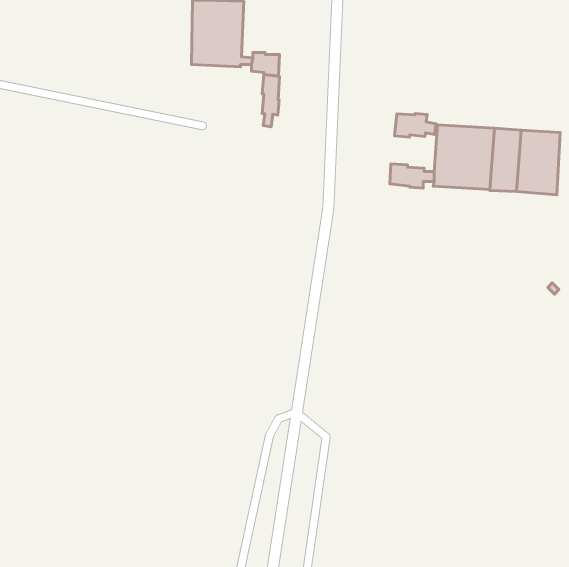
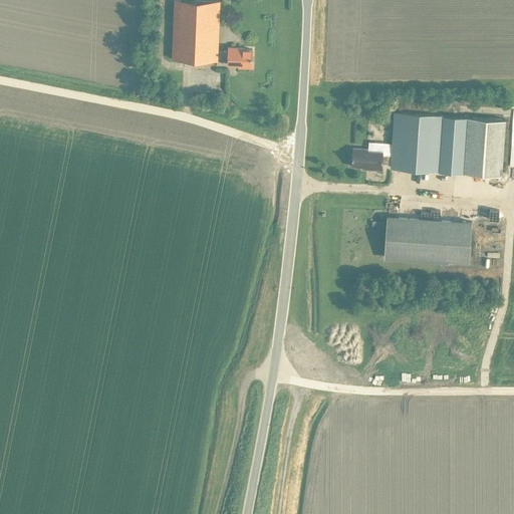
building: [262,75,280,127] -> none
building: [395,114,436,137] -> none
building: none -> [383,218,472,264]

